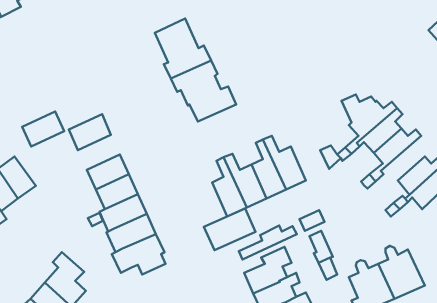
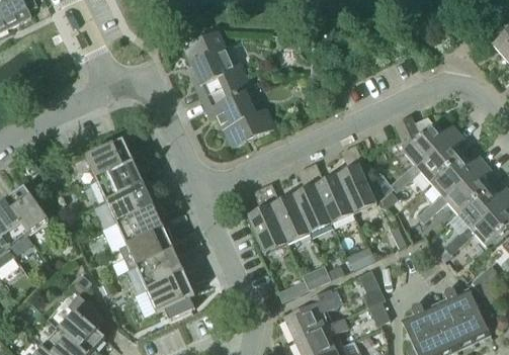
building: [22,112,64,147] -> [96,162,144,201]
building: none -> [337,145,376,213]
building: none -> [439,163,491,213]
building: [204,208,256,250] -> none

